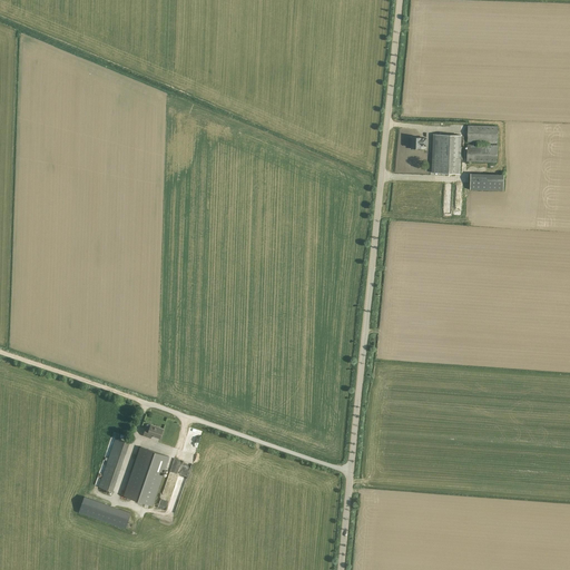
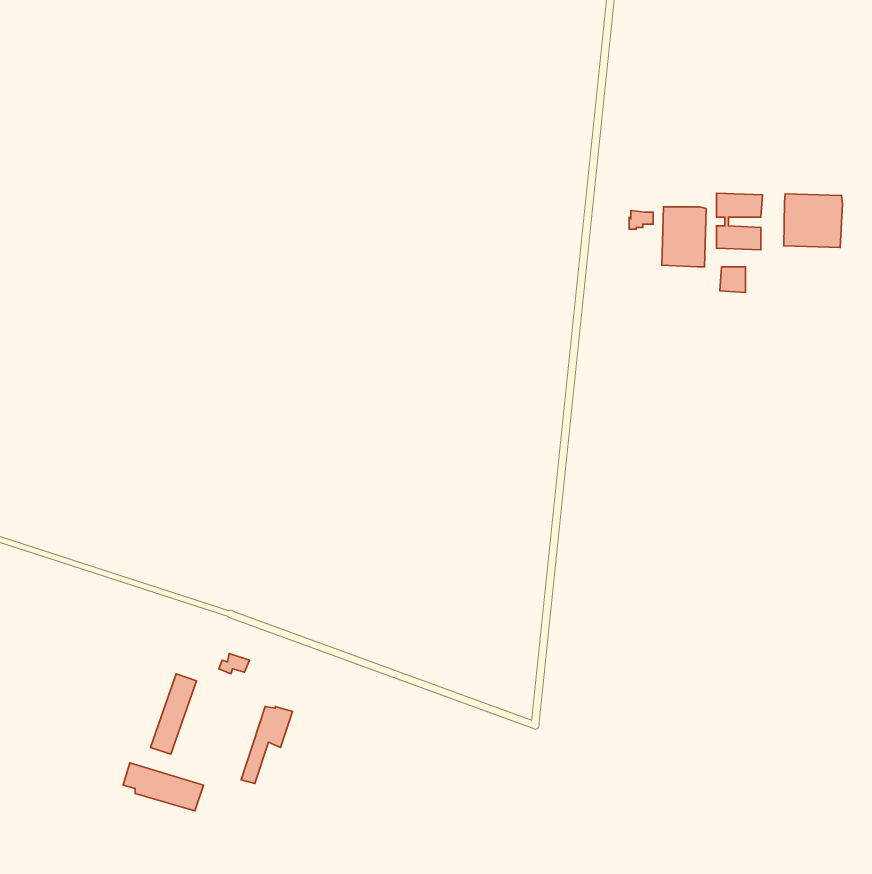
building: none -> [784,194,843,248]
building: [122,446,168,505] -> none

